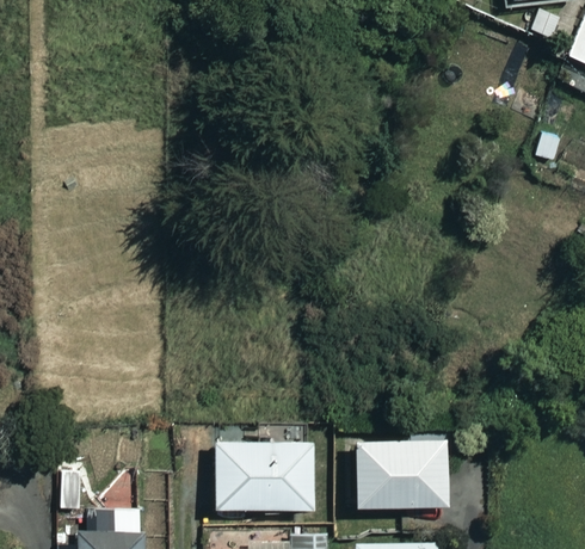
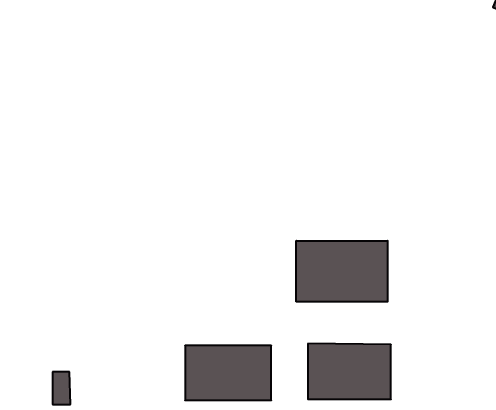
building: none -> [296,241,388,302]

